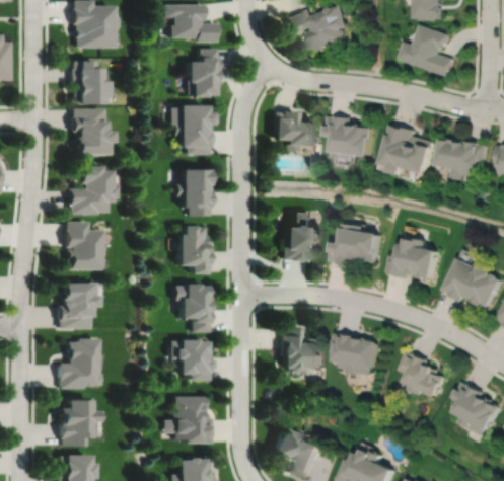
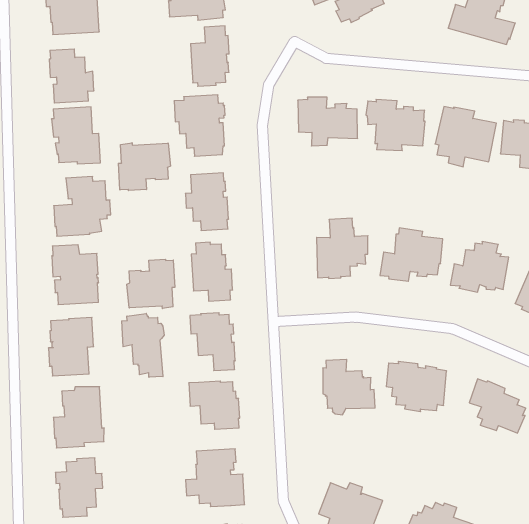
building: none -> [118,143,170,191]
building: none -> [127,259,175,309]
building: none -> [122,313,164,377]

